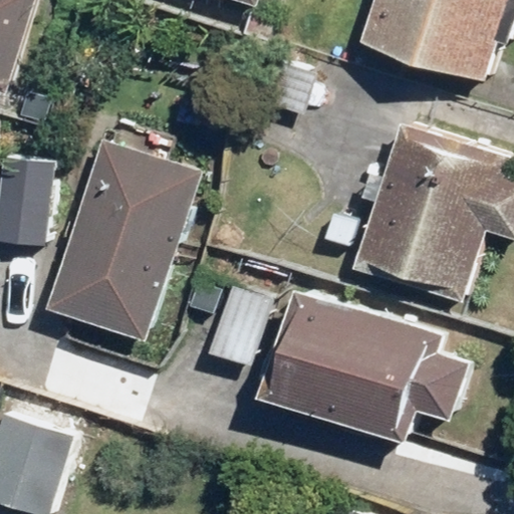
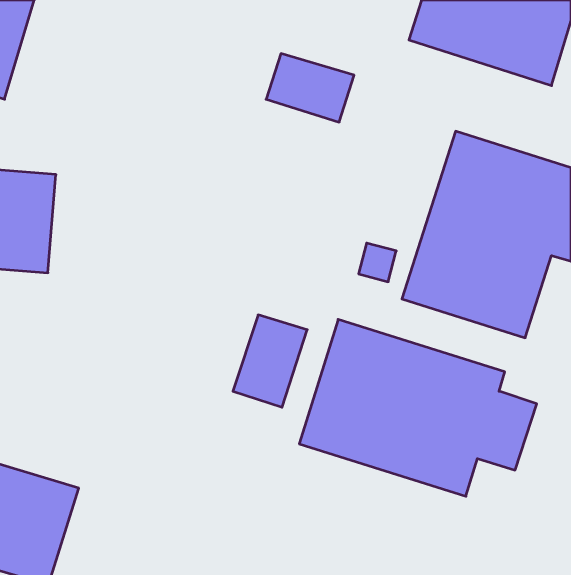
building: [46,139,202,339] -> none

